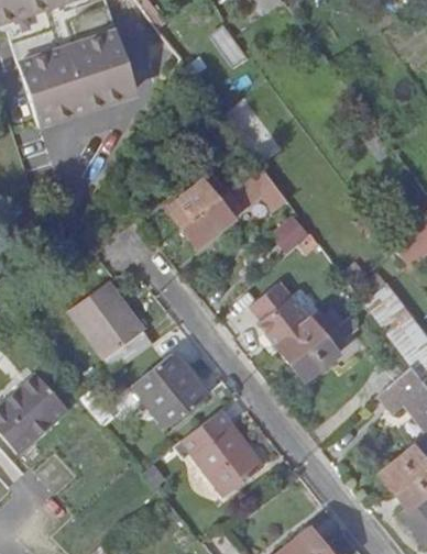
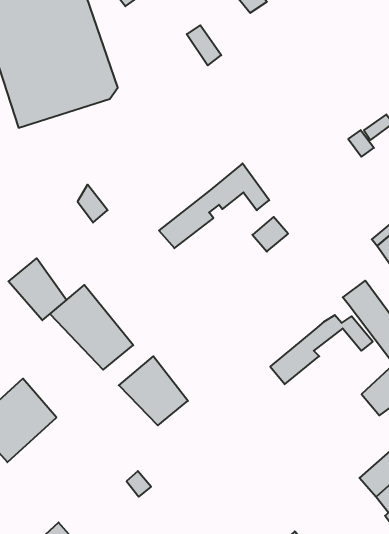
building: [163,177,229,229] -> none
building: none -> [8,258,66,320]
building: [253,282,332,363] -> none
building: [190,412,263,495] -> none

